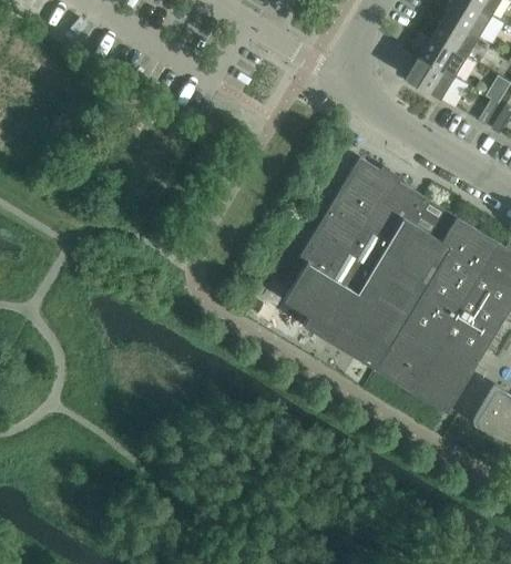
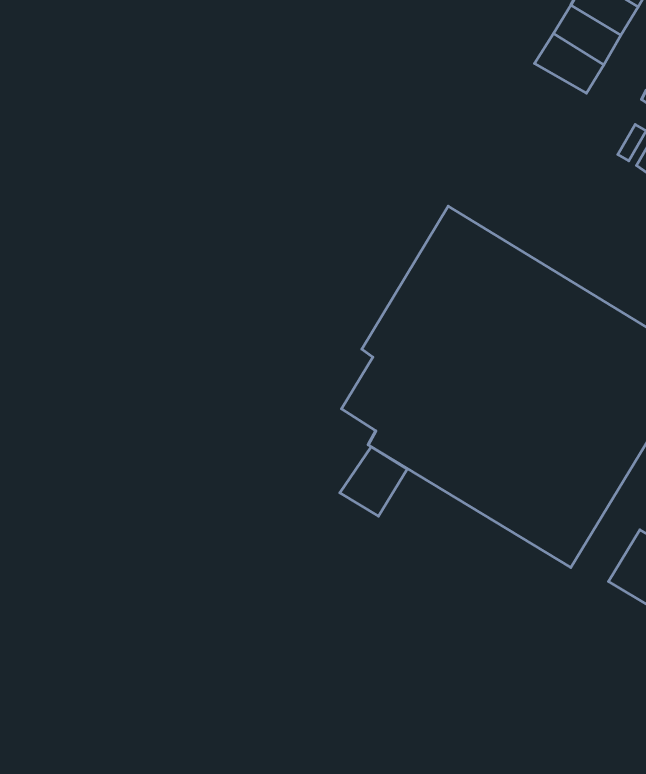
building: [407,58,457,101] -> none
building: none -> [340,447,407,516]

